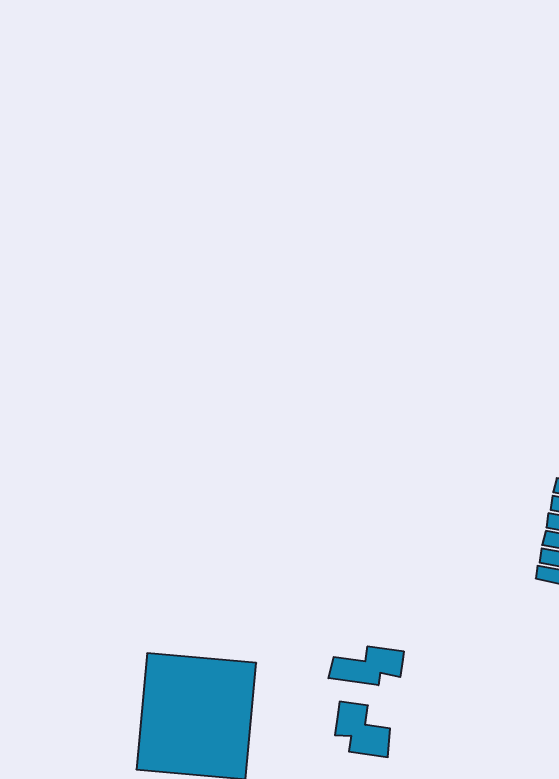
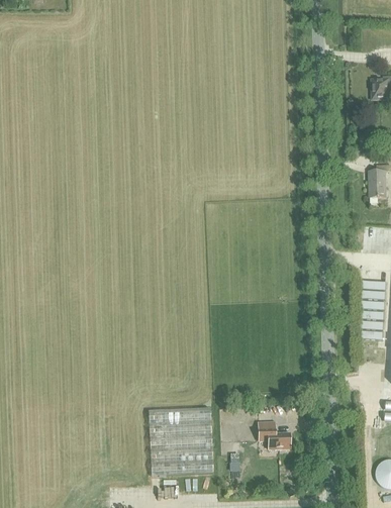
building: [328,646,404,685] -> none

